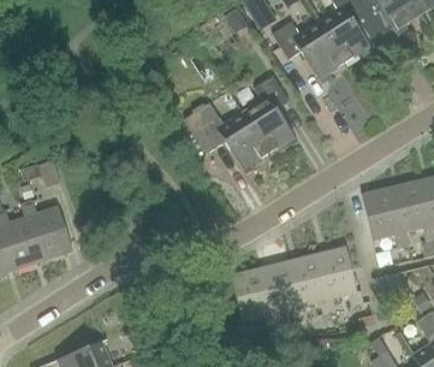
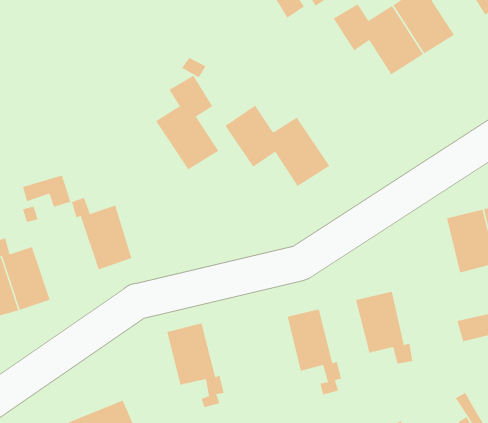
building: [243,75,295,152] -> [155,75,219,170]
building: [22,201,71,260] -> [71,197,132,270]
building: [320,245,365,304] -> none
building: [261,260,308,328] -> [167,323,225,408]

